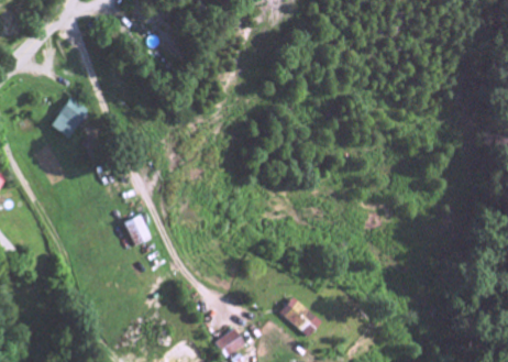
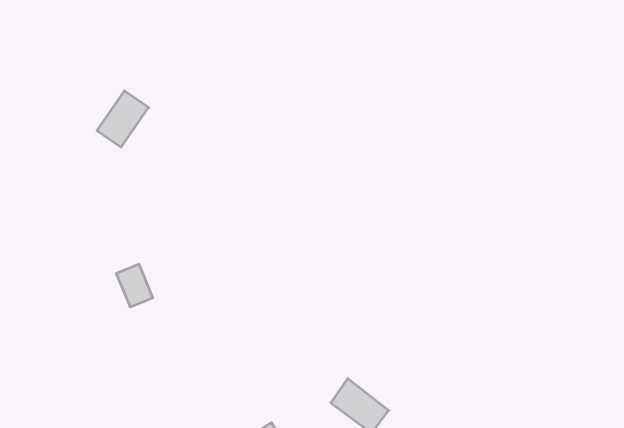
building: [52,96,89,136] -> [97,91,149,147]

